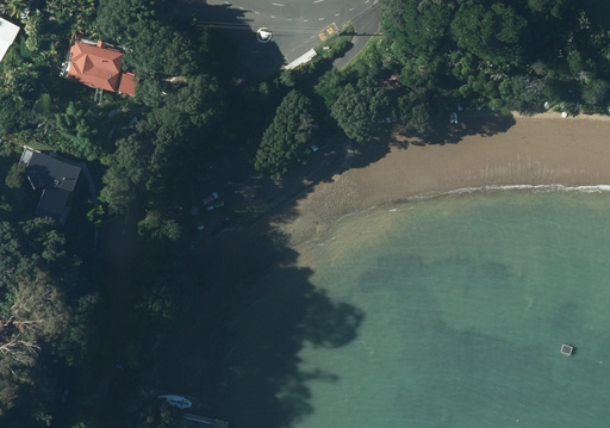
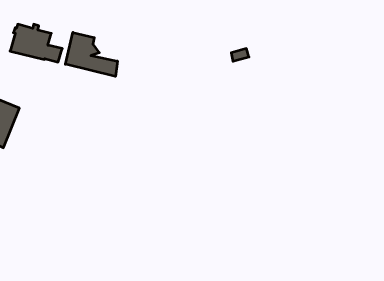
building: none -> [65,32,117,76]

